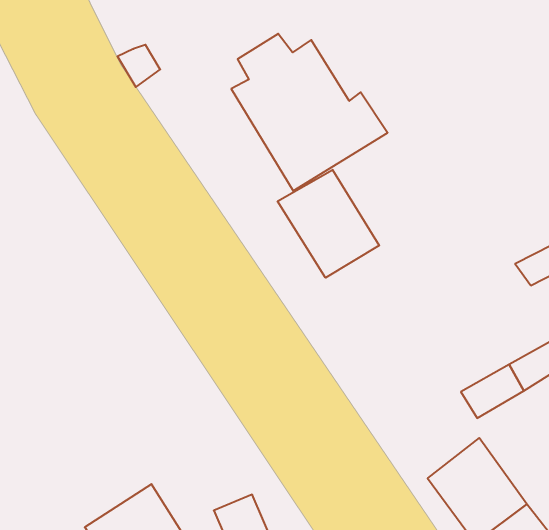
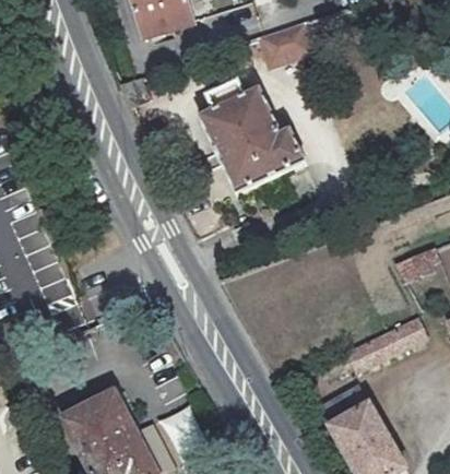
building: [278,170,379,278] -> none

